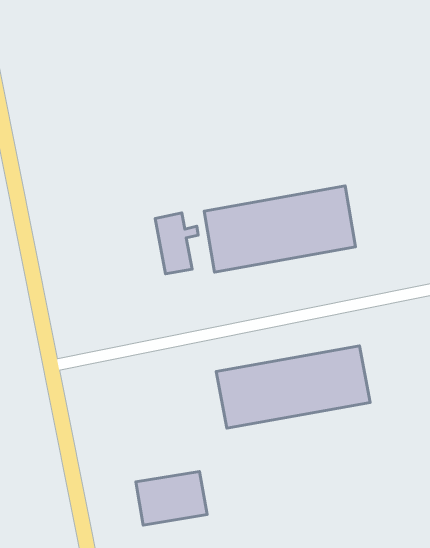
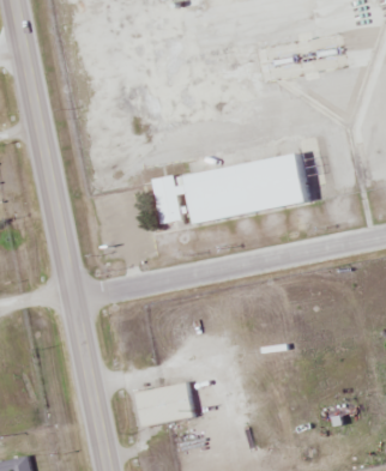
building: [216,346,370,428] -> none

